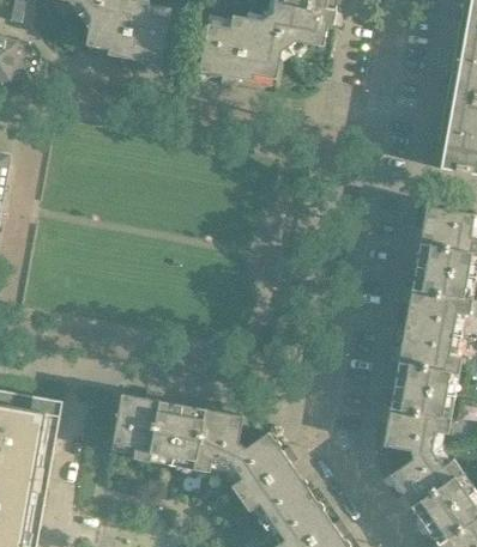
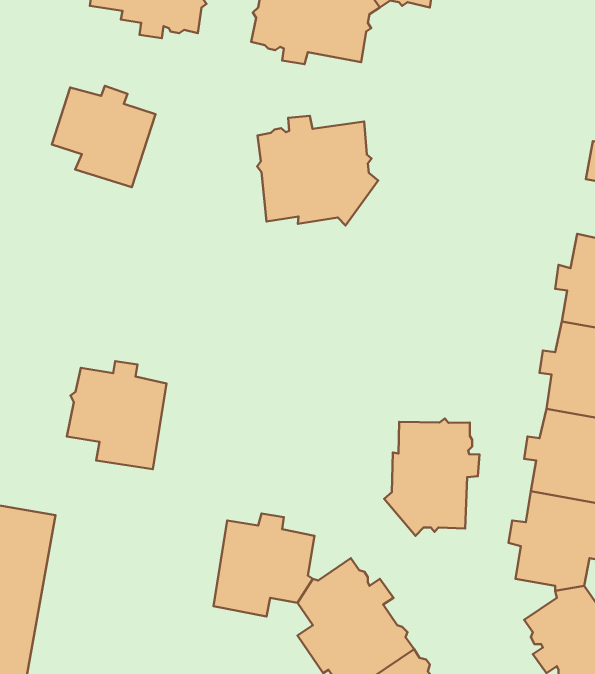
building: none -> [52,86,155,187]
building: none -> [257,116,378,225]
building: none -> [384,419,479,536]
building: [111,390,181,466] -> [67,361,167,469]

